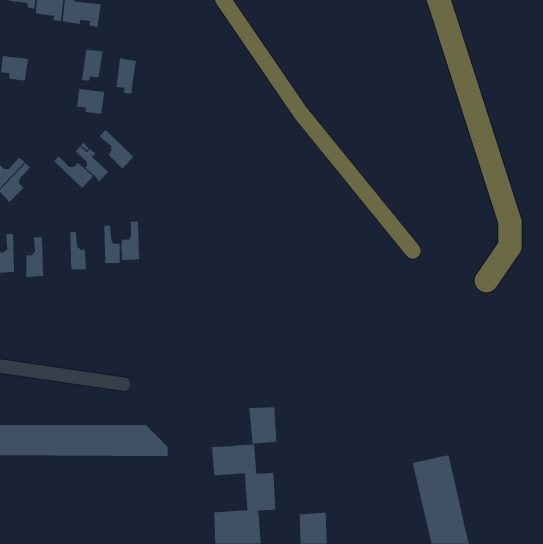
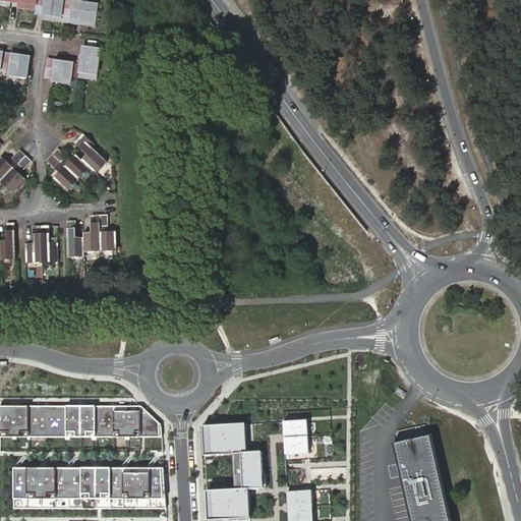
building: [116,58,136,95] -> none
building: [76,89,105,114] -> [44,59,71,83]
building: [99,129,134,170] -> [45,154,78,192]
building: [121,221,140,261] -> [81,215,100,252]
building: none -> [41,226,57,264]
building: [248,407,277,444] -> [281,418,308,454]
building: none -> [12,466,164,507]

